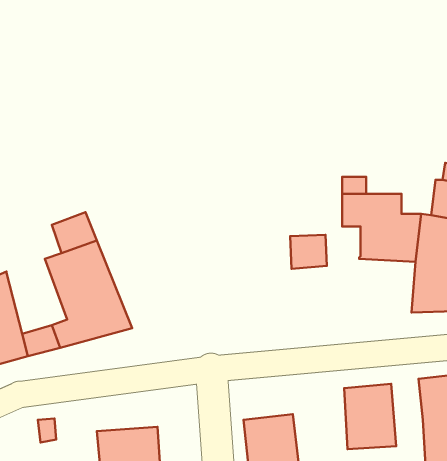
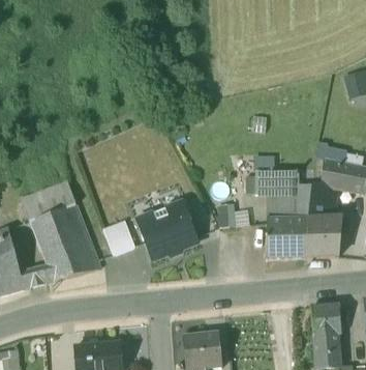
building: none -> [138,202,199,259]
building: none -> [266,218,309,258]
building: none -> [103,220,135,255]
building: [344,384,396,449] -> none

